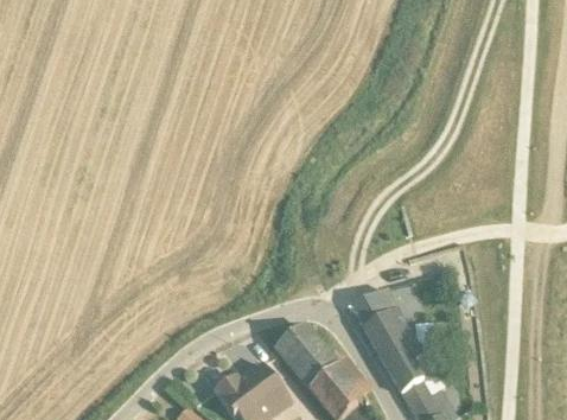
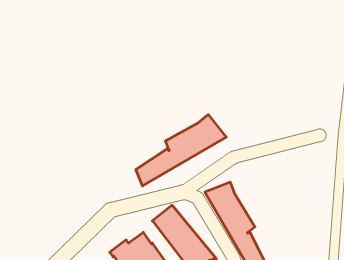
building: none -> [136,115,226,186]

